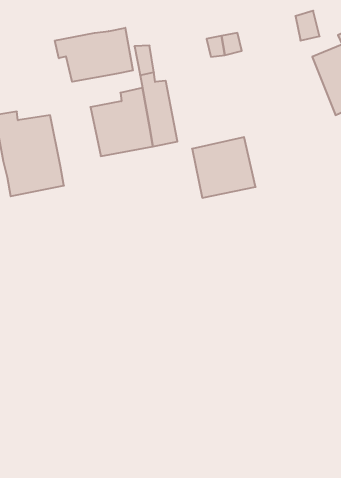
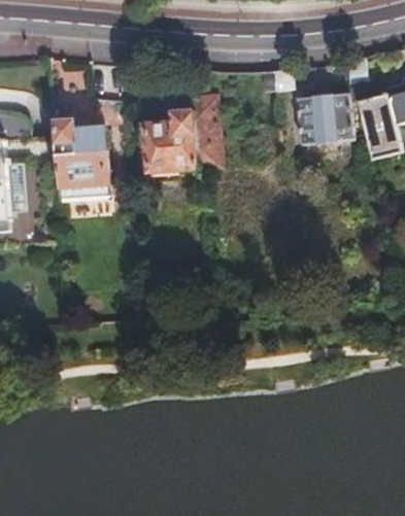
building: [55,28,133,82] -> none
building: [192,137,256,198] -> [299,90,355,142]

